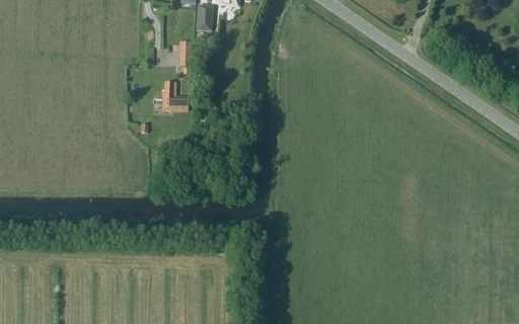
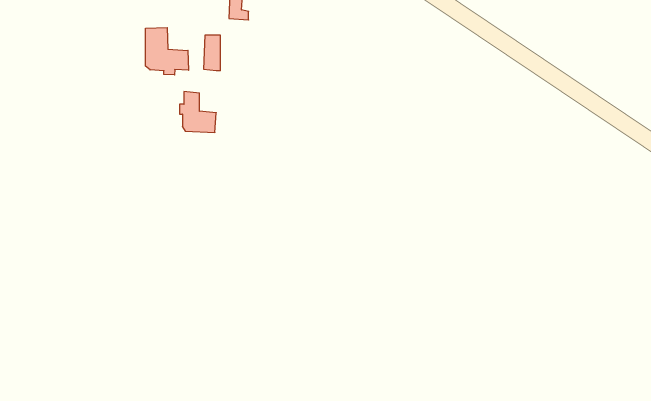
building: none -> [146,28,189,75]

